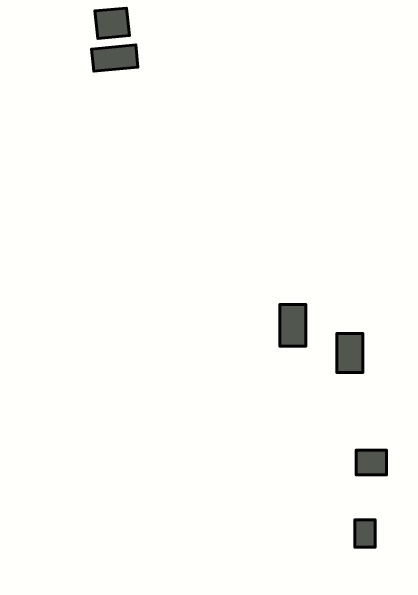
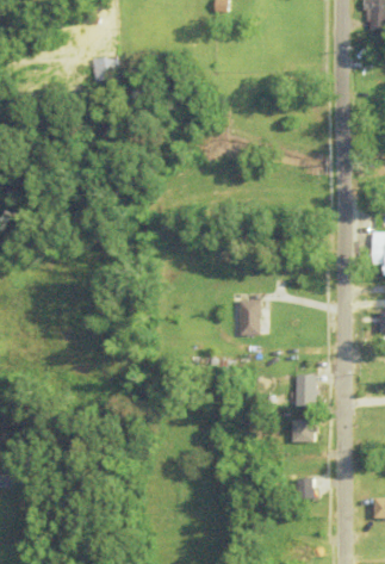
building: [92,45,138,71] -> none
building: [337,333,363,372] -> [296,374,317,407]

